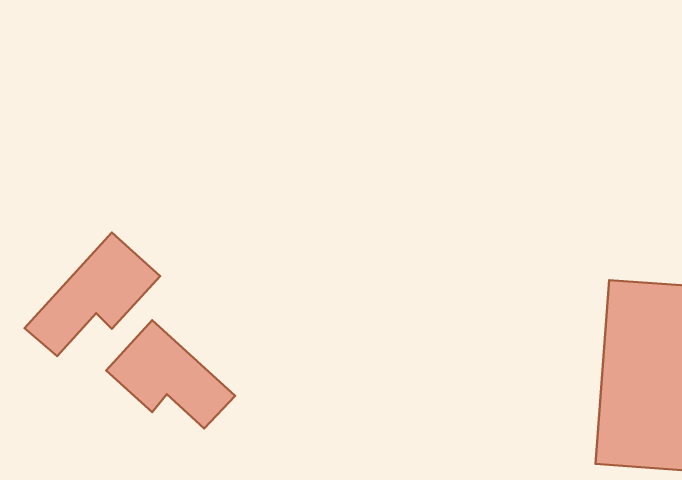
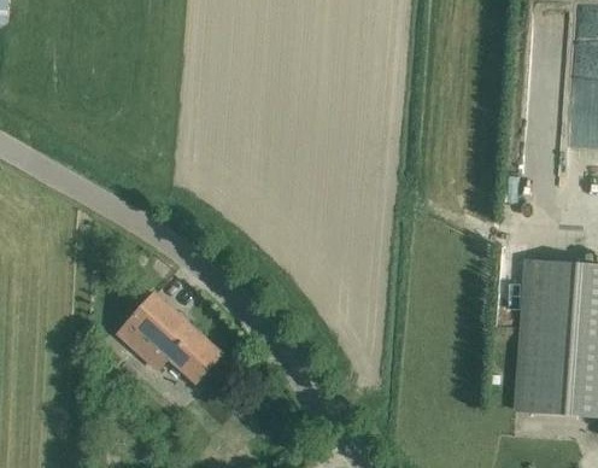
building: [25,232,160,356] -> none

